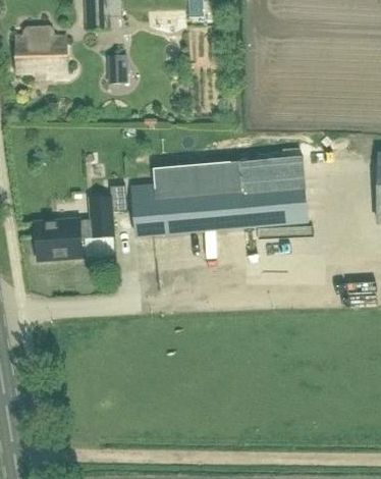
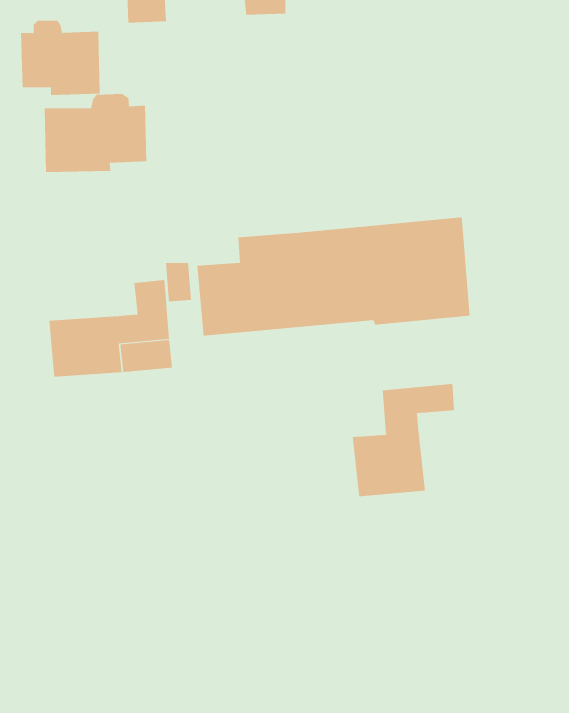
building: [108,55,127,84] -> none
building: none -> [44,93,147,173]
building: none -> [352,383,455,497]

